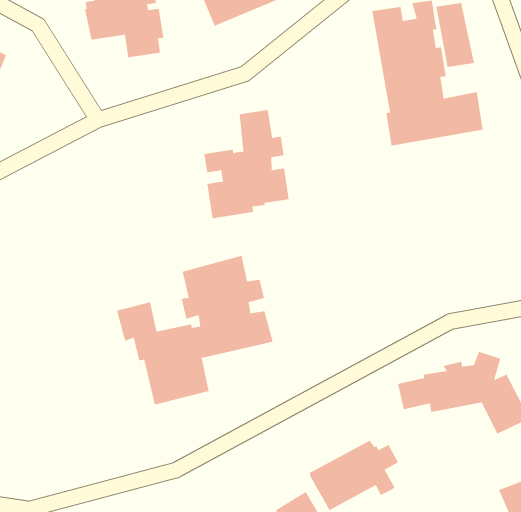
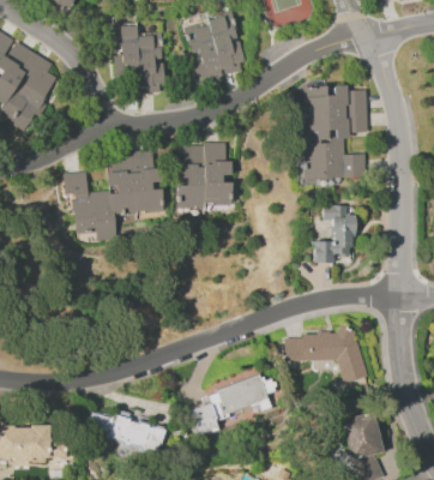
building: none -> [313,205,355,263]
building: [116,255,274,405] -> [62,150,164,241]

